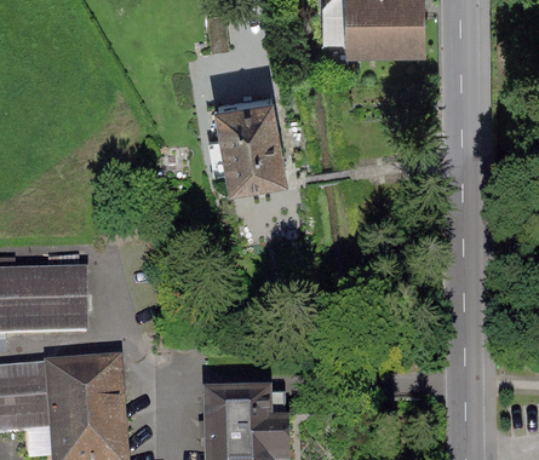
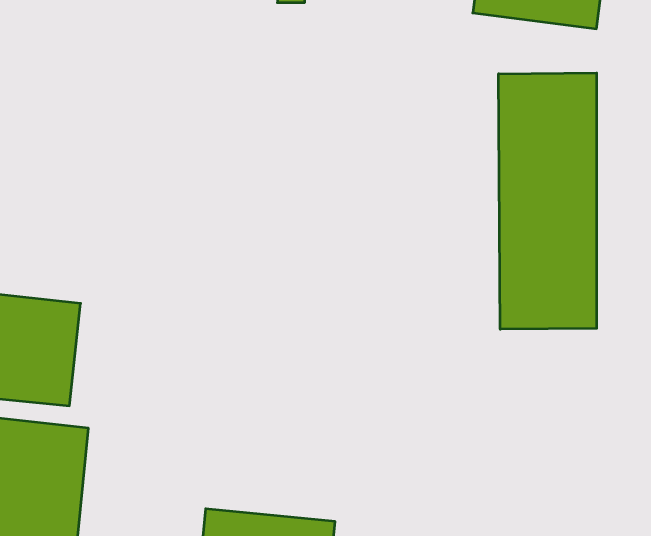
building: none -> [499,73,597,329]
building: [214,90,286,196] -> none

